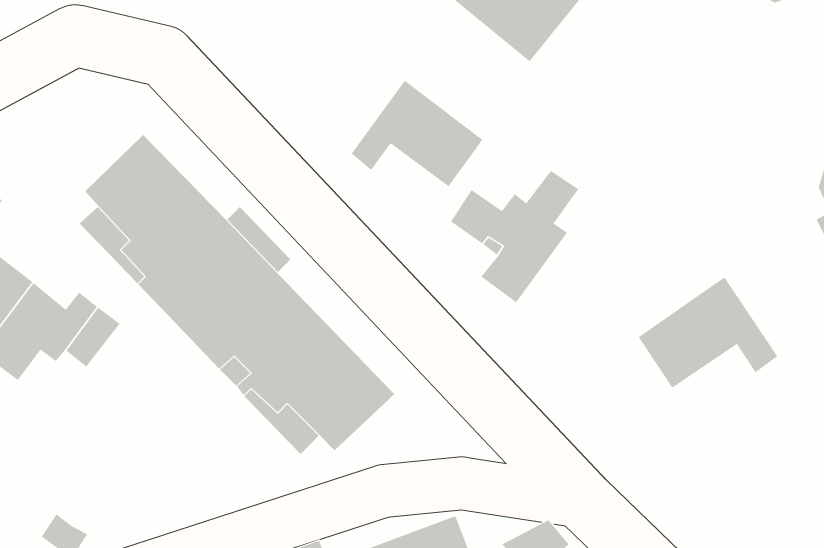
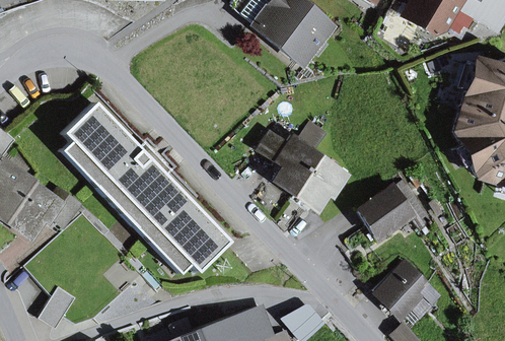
building: [351,80,483,187] -> none
building: none -> [293,155,349,207]
building: none -> [373,260,440,316]

